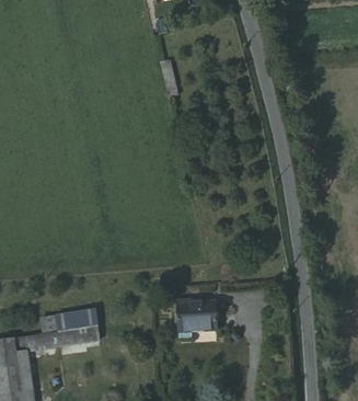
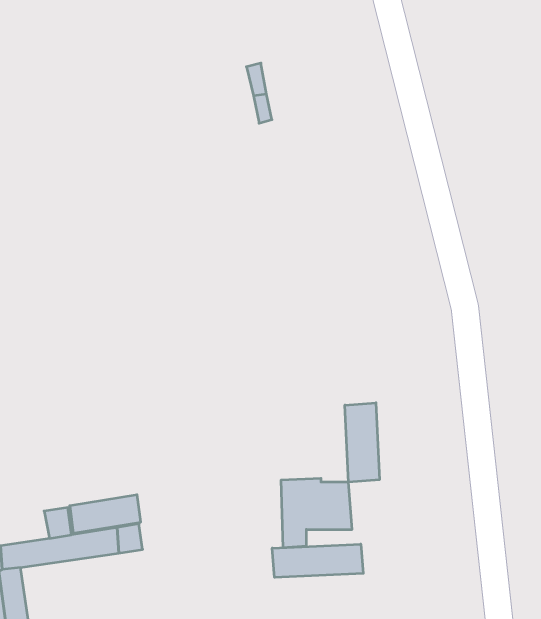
building: none -> [345,403,379,482]
building: none -> [272,544,363,577]

